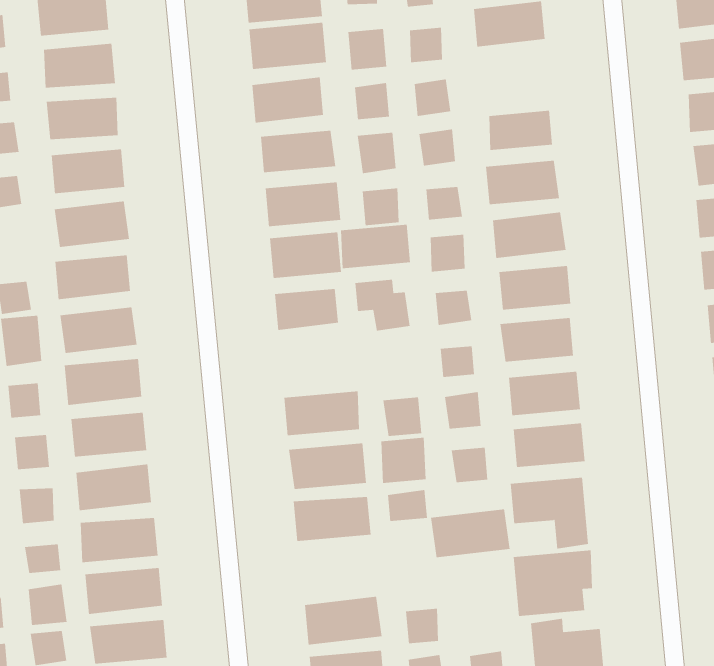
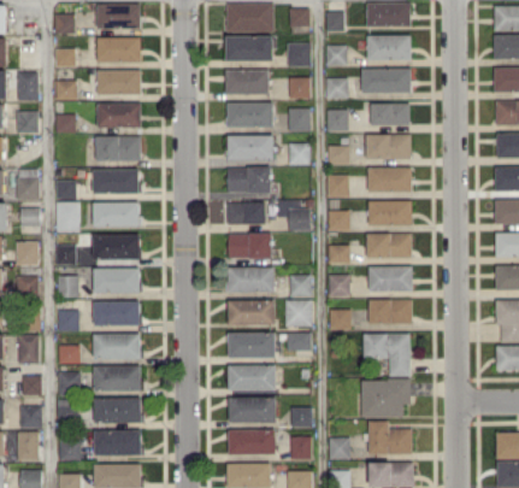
building: none -> [361,69,411,94]
building: [340,224,411,269] -> [228,234,271,258]
building: [430,509,510,558] -> [228,365,276,392]

